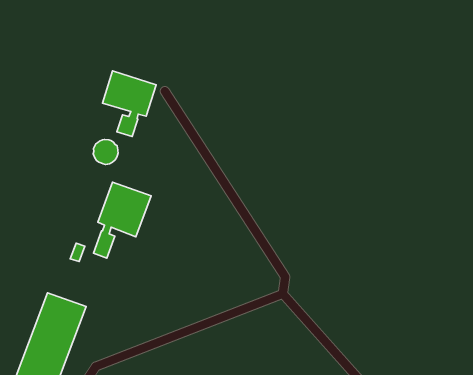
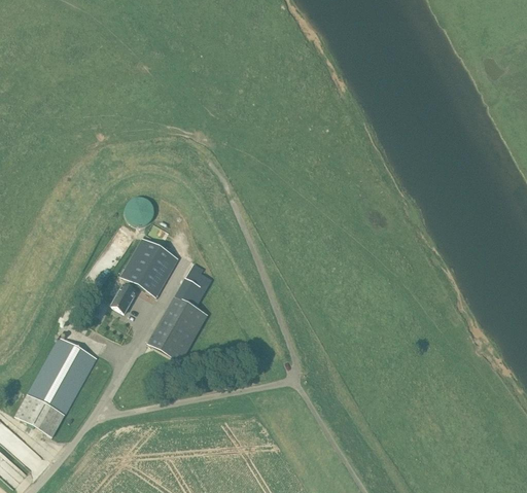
building: [103,71,156,137] -> none
building: none -> [148,268,211,361]

